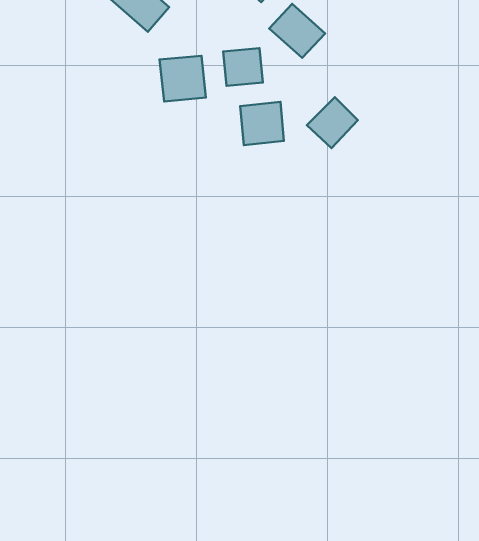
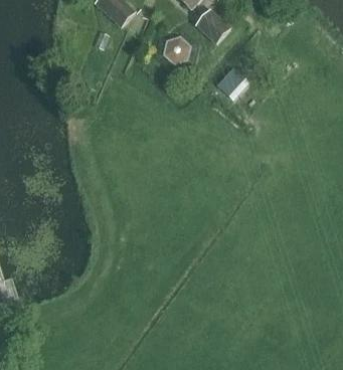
building: [160,56,206,101] -> none
building: [240,102,284,145] -> none

